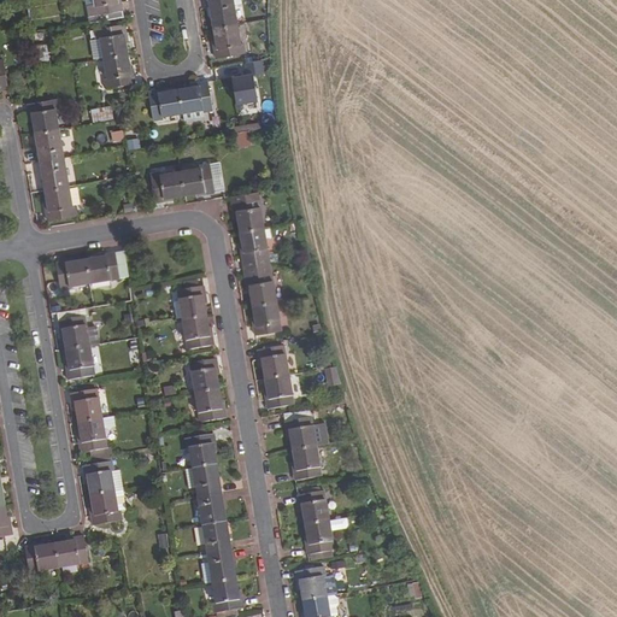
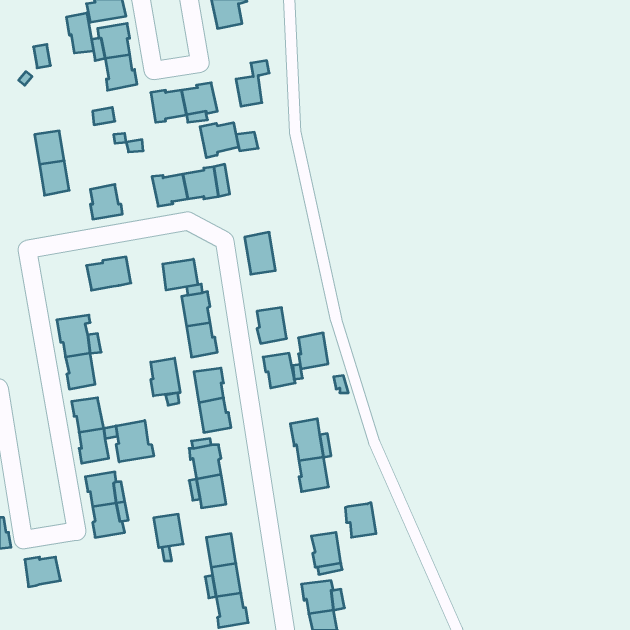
building: none -> [67,13,93,53]
building: [212,23,243,58] -> none
building: [27,98,58,131] -> none
building: none -> [200,123,239,158]
building: [43,186,75,219] -> [90,184,122,219]
building: [230,190,263,231] -> none
building: none -> [163,259,198,290]
building: [54,259,89,288] -> none
building: [245,264,275,304] -> none
building: none -> [151,358,180,396]
building: [264,374,293,409] -> [298,333,328,369]
building: none -> [116,420,154,462]
building: [298,489,328,523] -> [345,503,376,537]
building: [196,492,225,524] -> [154,514,183,548]
building: [54,535,88,566] -> none

